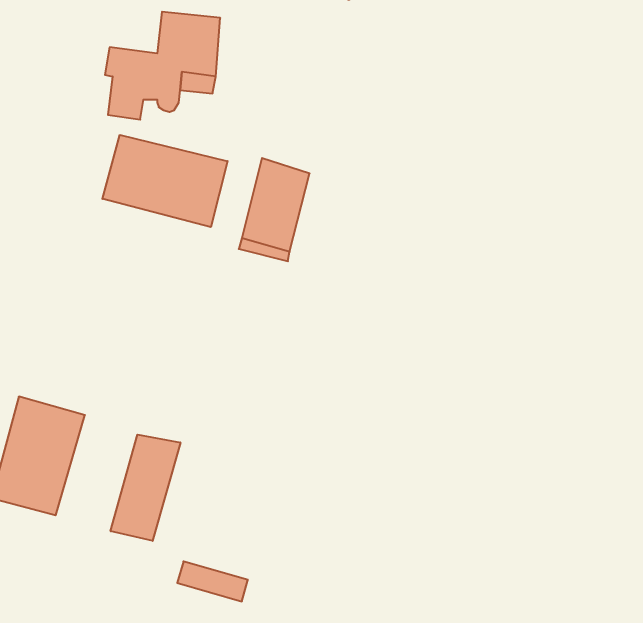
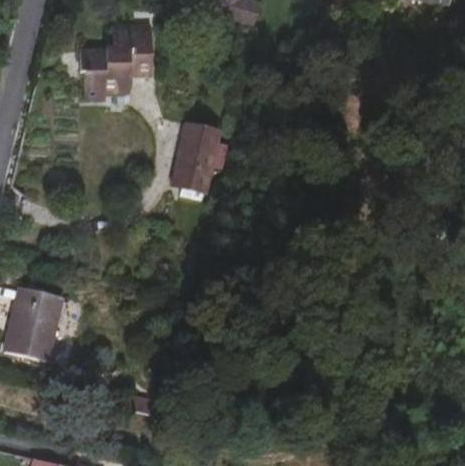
building: [102,135,228,227] -> none
building: [111,435,180,541] -> none

